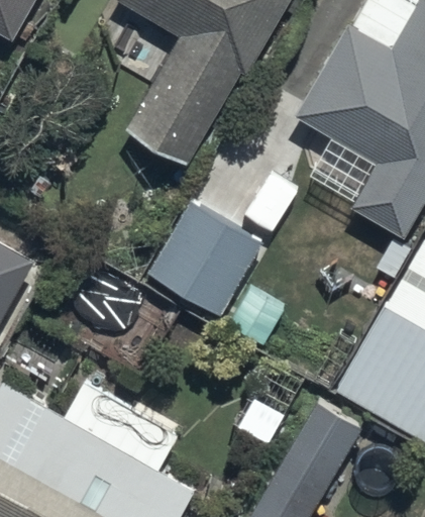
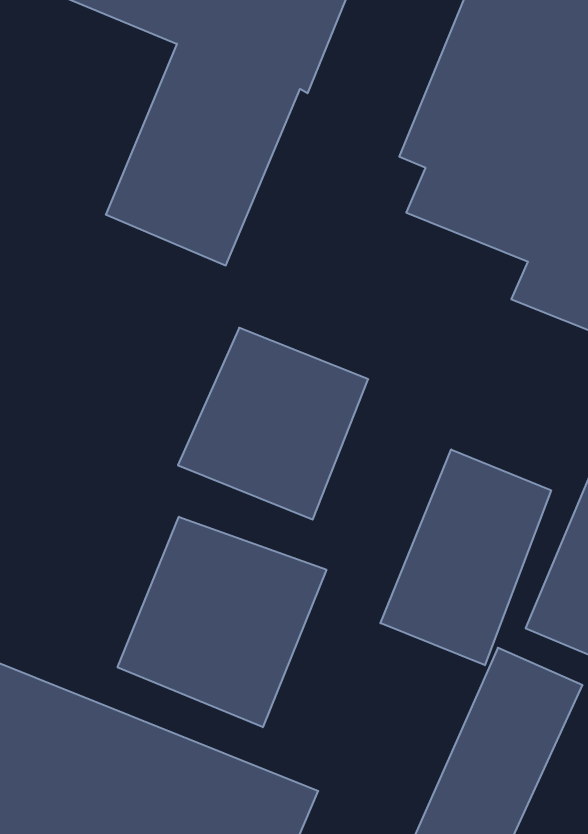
building: none -> [380,449,551,665]
building: none -> [118,517,326,727]

